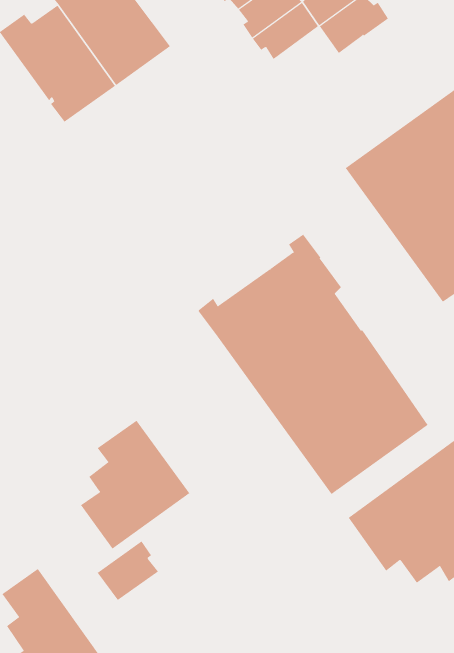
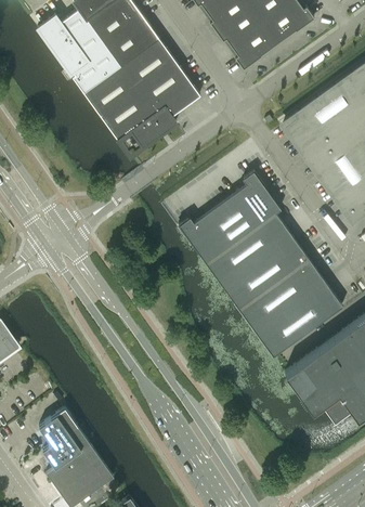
building: none -> [231,24,277,69]
building: none -> [82,38,199,147]
building: [80,420,190,549] -> none
building: [97,541,159,601] -> none

